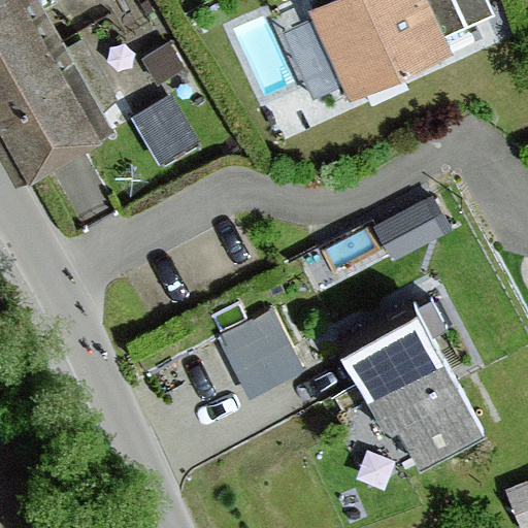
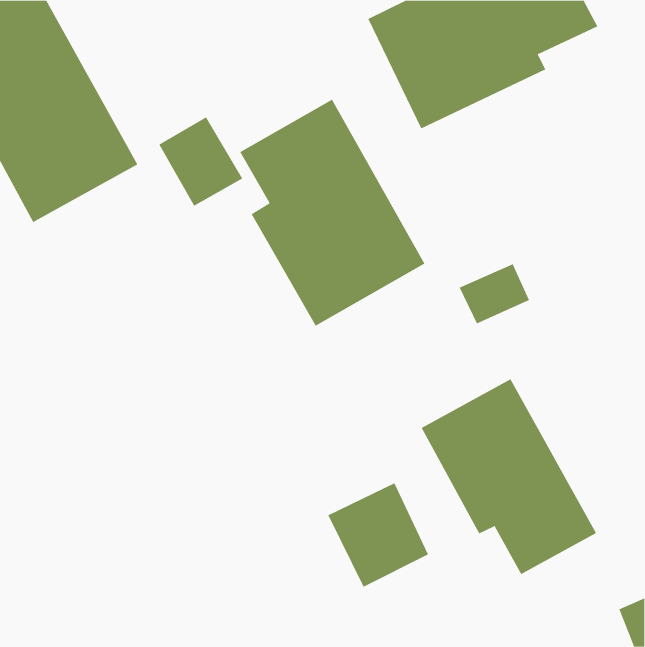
building: none -> [240,99,425,326]
building: [220,297,302,383] -> [328,482,429,587]

